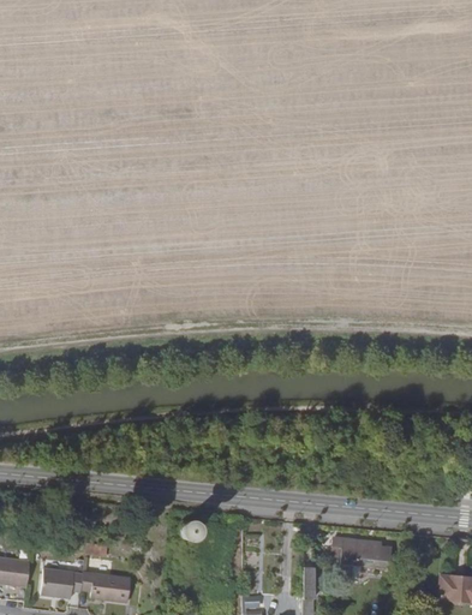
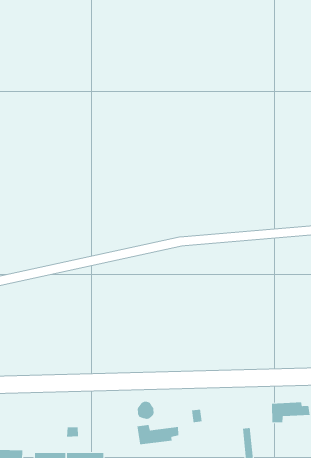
building: none -> [137,424,179,445]

